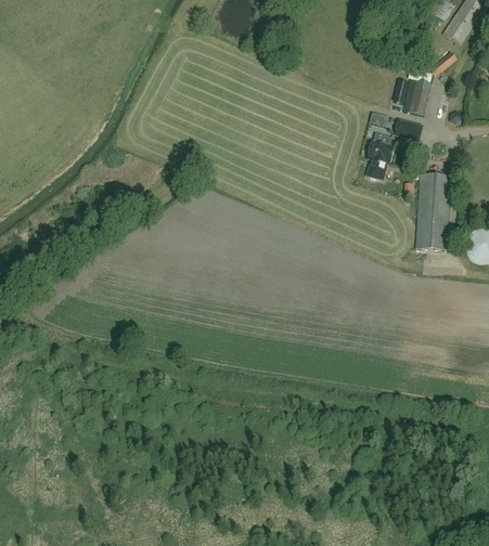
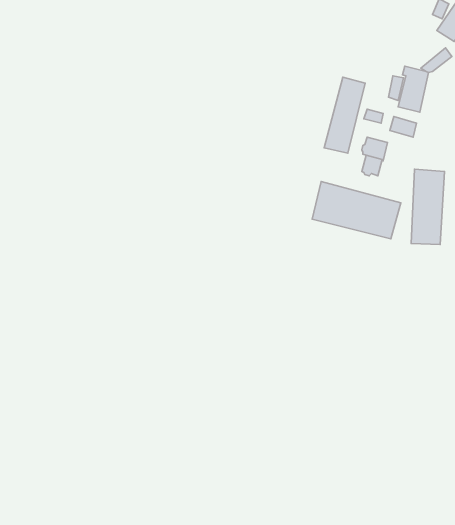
building: none -> [324,77,365,153]
building: none -> [312,182,401,239]

